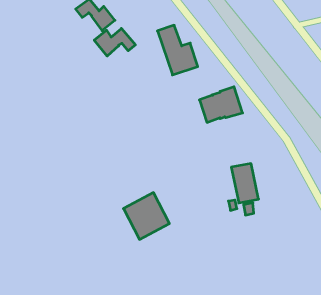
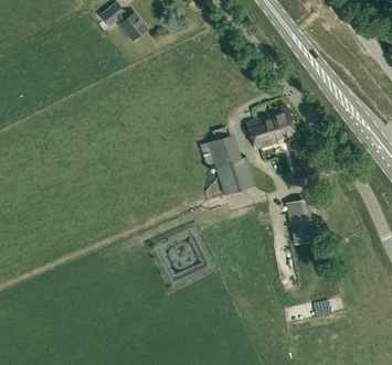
building: [157,25,198,75] -> [208,136,255,194]
building: [94,28,135,56] -> none

